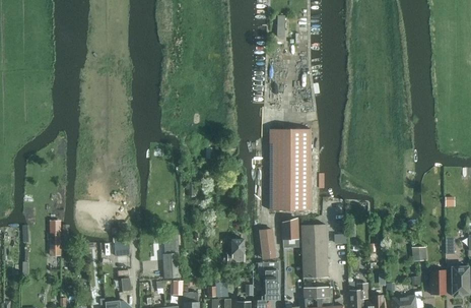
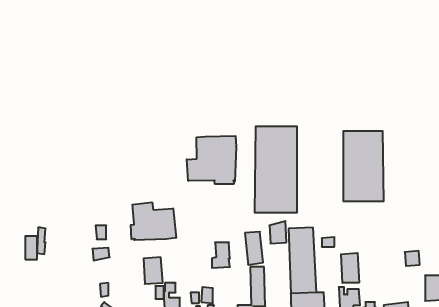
building: none -> [343,131,384,201]
building: none -> [187,136,236,184]
building: none -> [131,202,176,240]
building: none -> [341,253,359,283]

